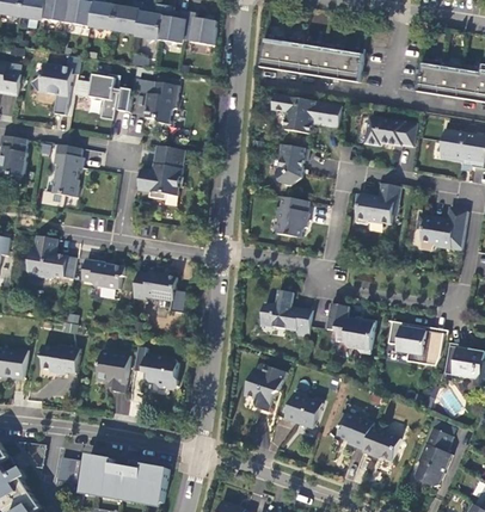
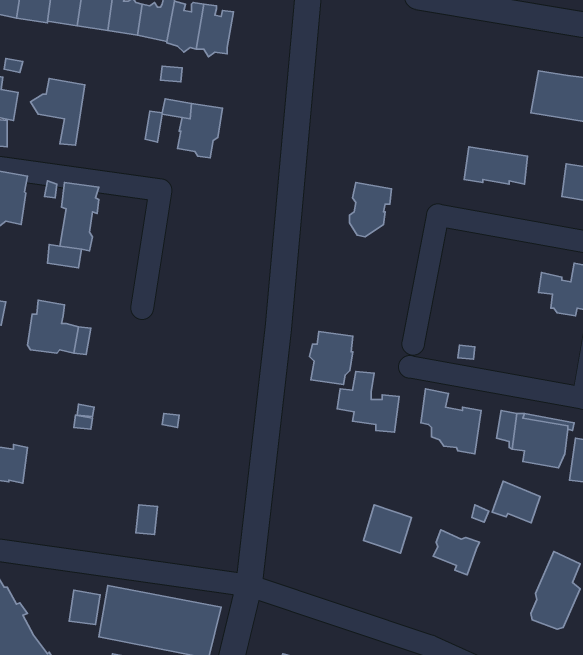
building: [180,12,215,47] -> none
building: [260,32,362,81] -> none
building: [88,74,118,119] -> none
building: [270,94,340,132] -> none
building: [137,144,184,199] -> none
building: [348,178,392,222] -> none
building: [275,197,308,238] -> [309,332,353,384]
building: [81,257,124,286] -> none
building: [131,267,176,298] -> none
building: [39,343,79,371] -> none
building: [133,344,177,387] -> none
building: [96,348,129,390] -> none
building: [246,364,287,411] -> none
building: [364,425,401,457] -> [492,481,540,523]

